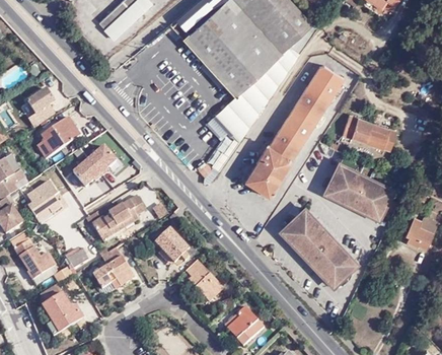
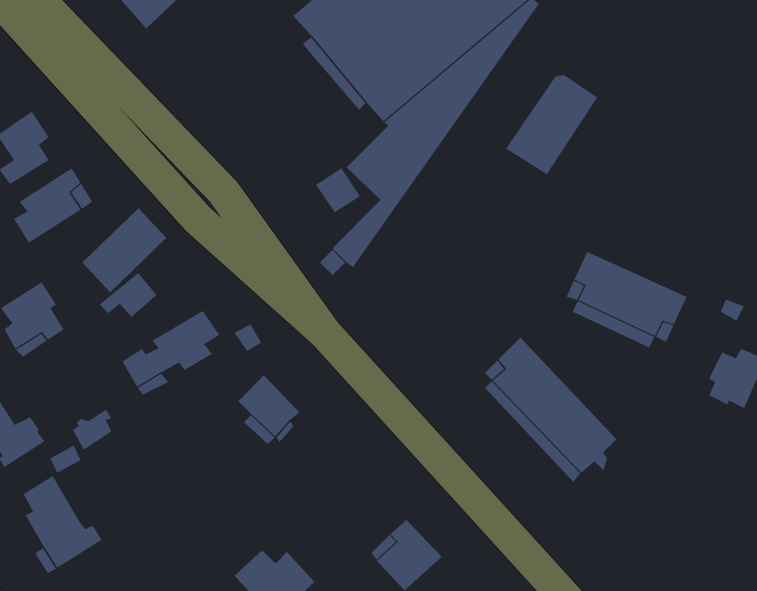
building: [246,109,319,200] -> none
building: [344,117,394,147] -> none
building: [94,247,137,288] -> none
building: [186,260,223,300] -> none

